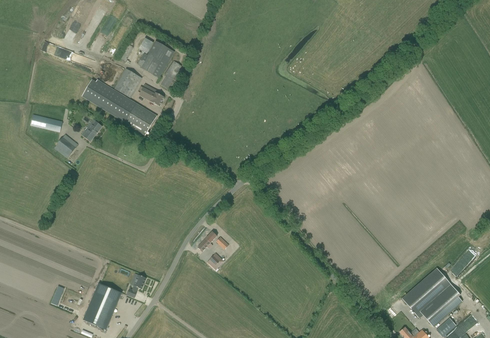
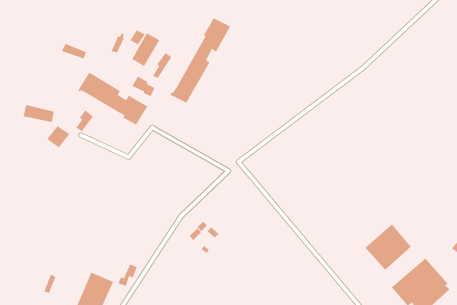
building: none -> [169,17,231,104]
building: [114,69,142,98] -> none
building: none -> [365,223,411,271]

